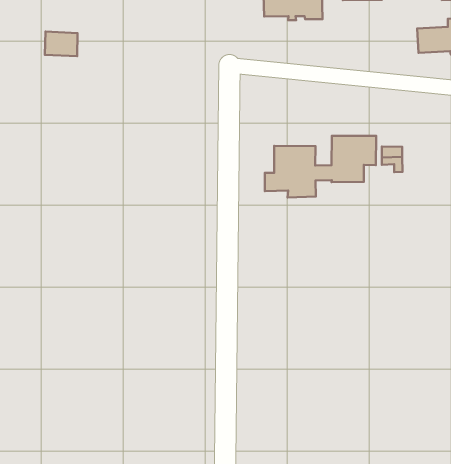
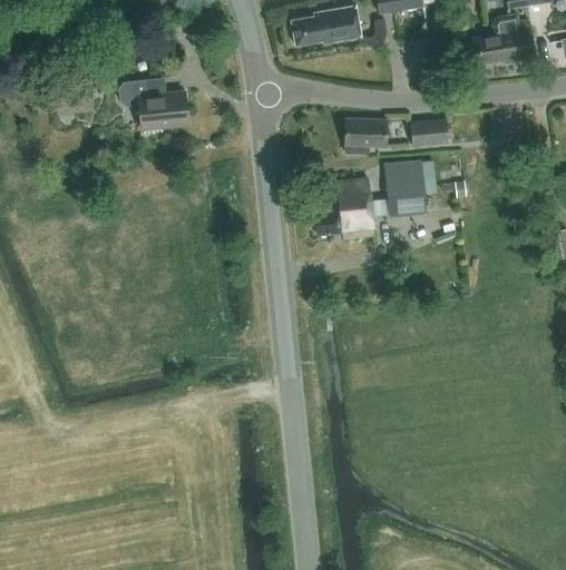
building: none -> [129,79,188,131]
building: none -> [344,117,387,150]
building: none -> [410,118,448,145]

